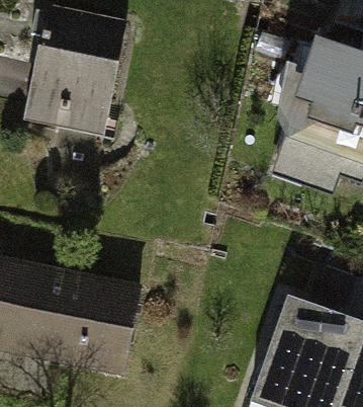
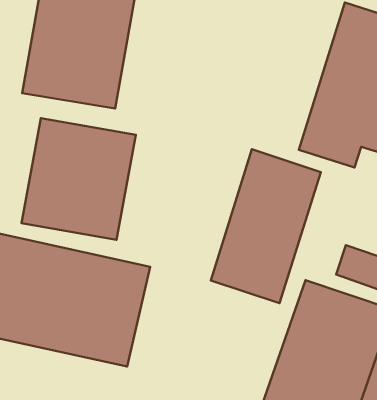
building: none -> [22,118,136,240]
building: none -> [211,149,321,303]

